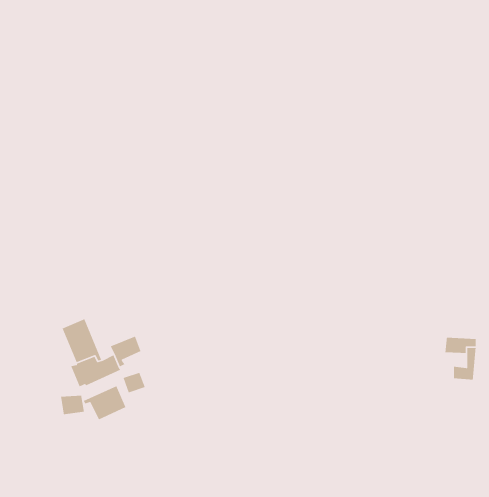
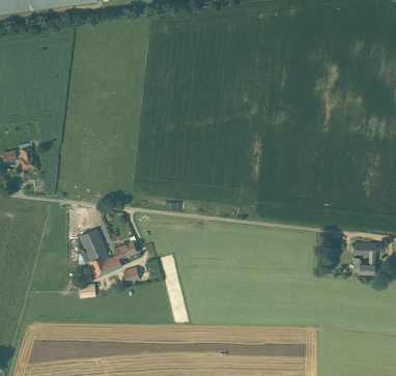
building: [83,385,127,420] -> none

